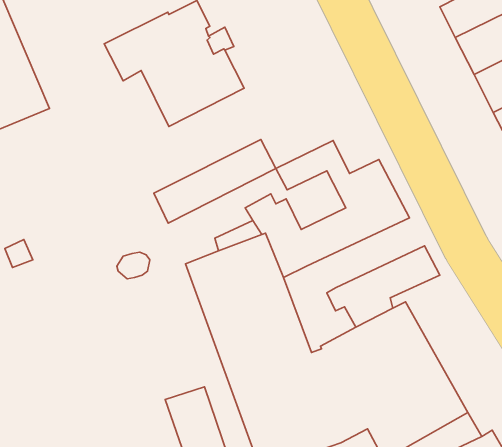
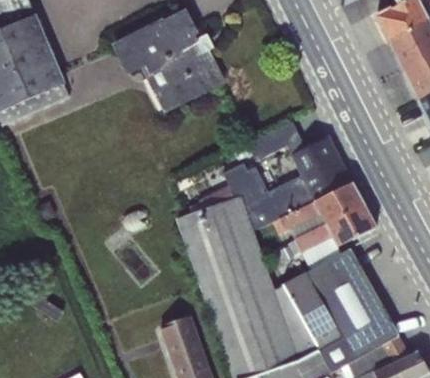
building: [154,140,276,223] -> none
building: none -> [271,181,364,236]

